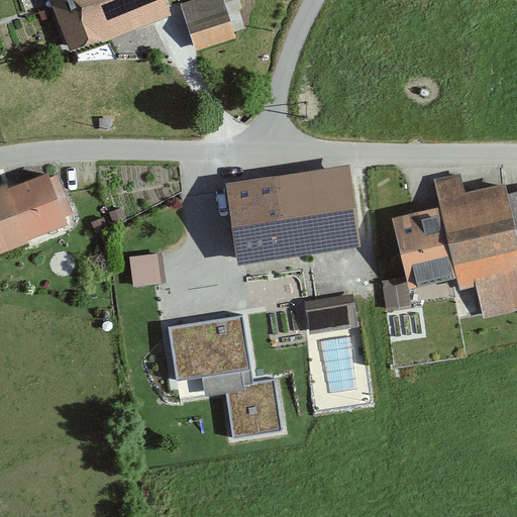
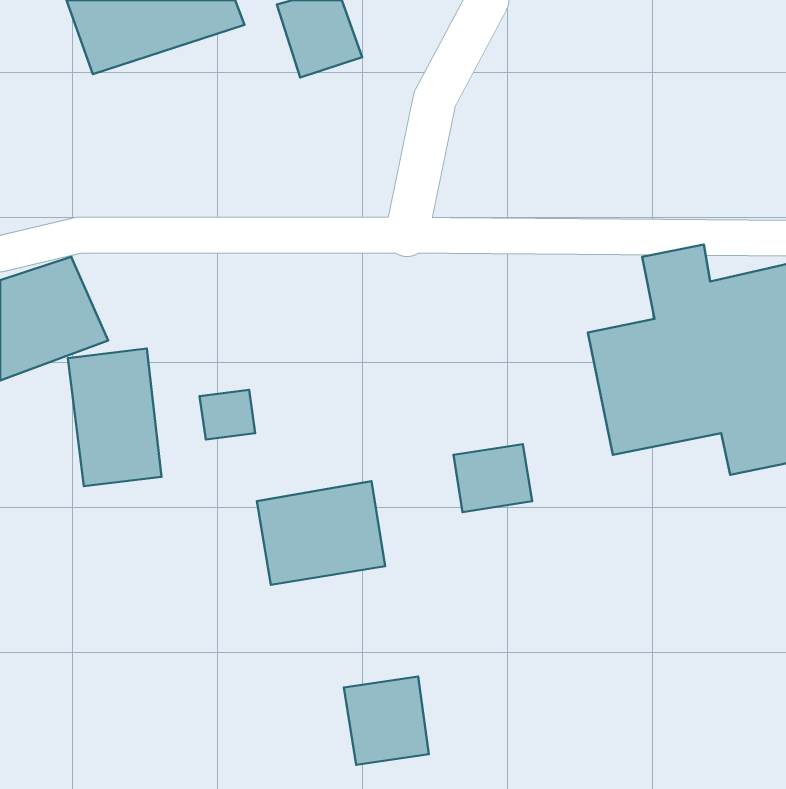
building: [218,164,355,264] -> none
building: none -> [68,348,162,486]
building: [229,382,285,439] -> [344,677,429,765]

